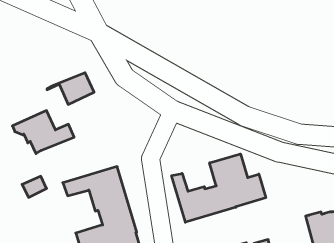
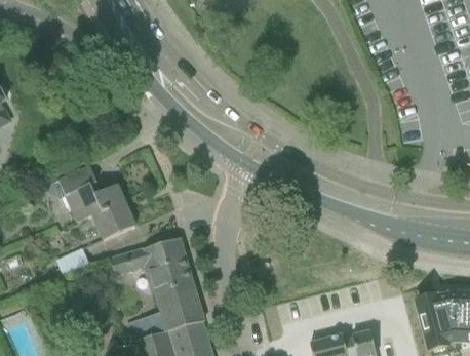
building: [47,73,94,104] -> [76,199,135,239]
building: [172,154,266,222] -> none

